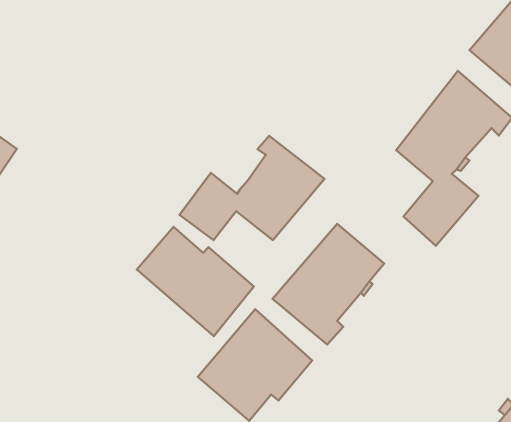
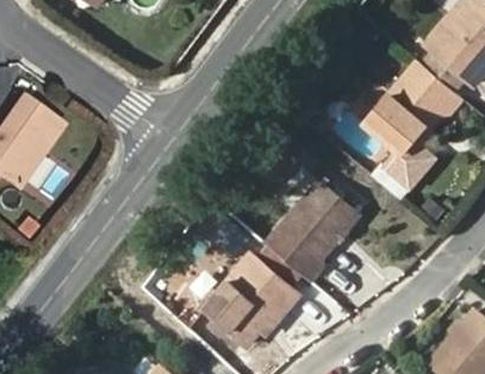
building: [179,136,324,240] -> none
building: [137,227,254,336] -> none

